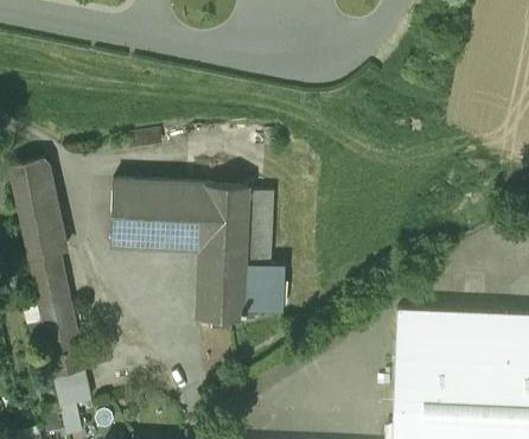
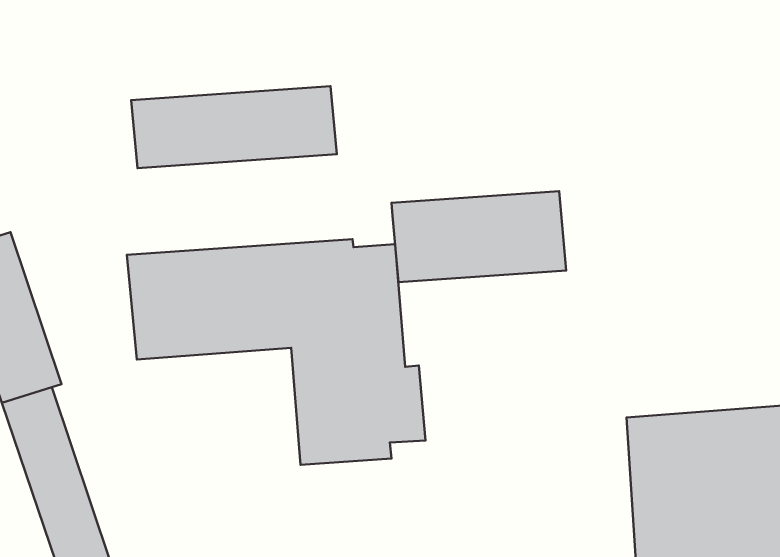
building: none -> [131,86,337,168]
building: none -> [391,191,566,282]

